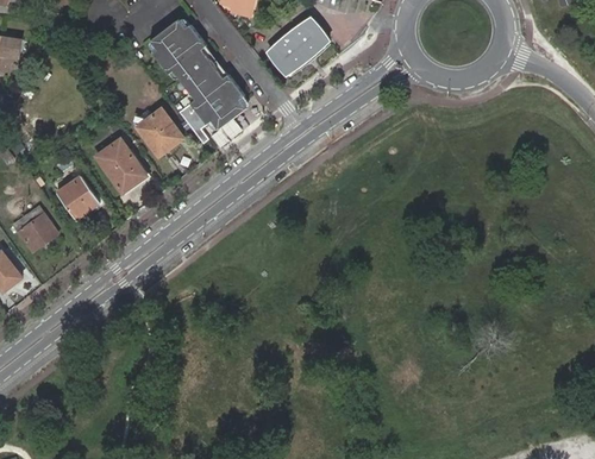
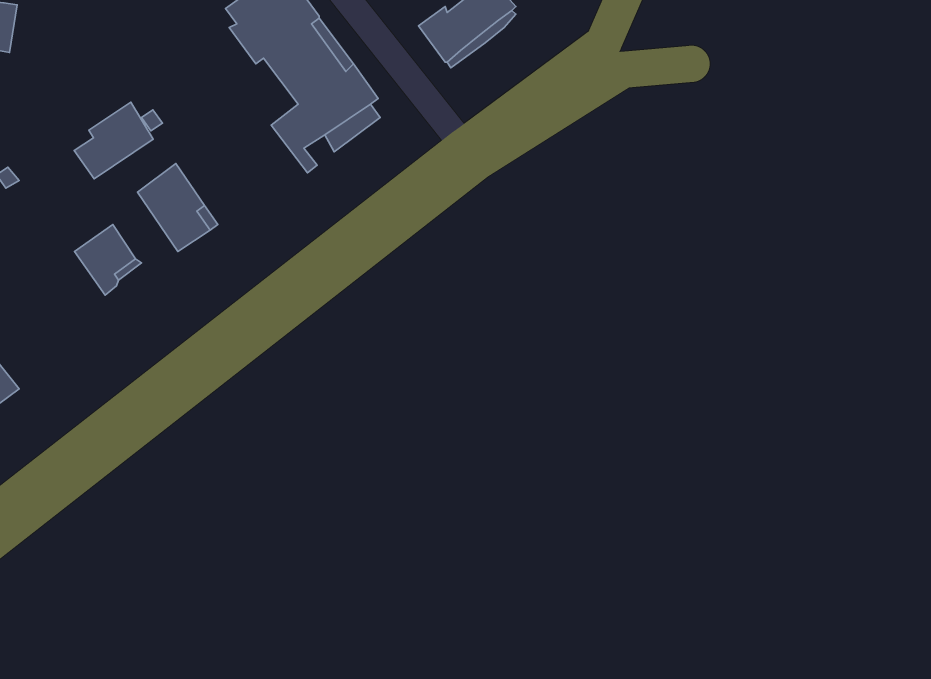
building: none -> [74,102,153,179]
building: [136,108,181,155] -> none
building: [18,214,56,251] -> none

